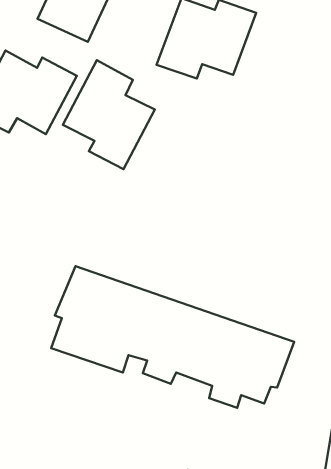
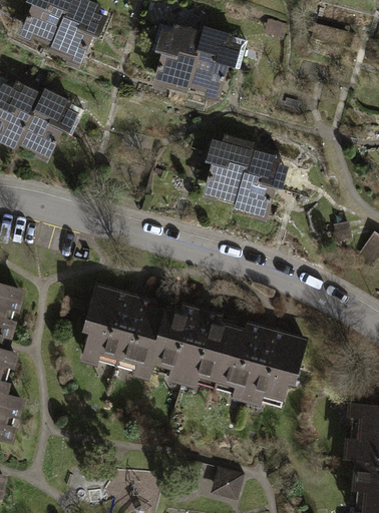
building: [63,60,155,169] -> none
building: none -> [201,128,285,225]

